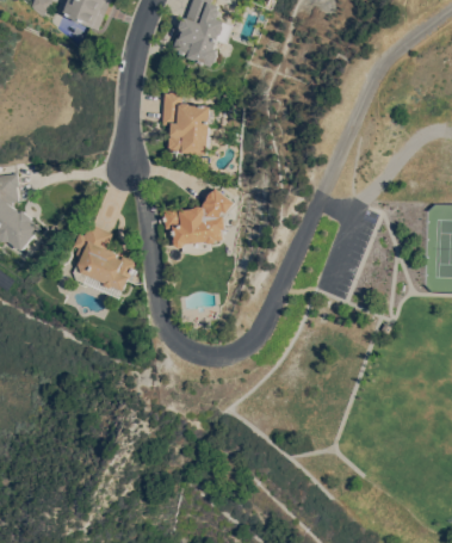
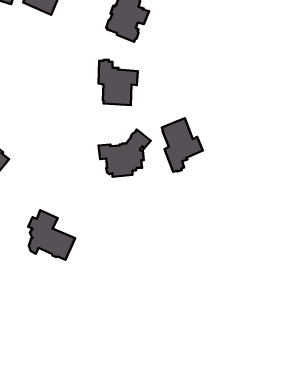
building: none -> [162,118,203,172]
building: [72,223,136,291] -> [28,210,75,260]

